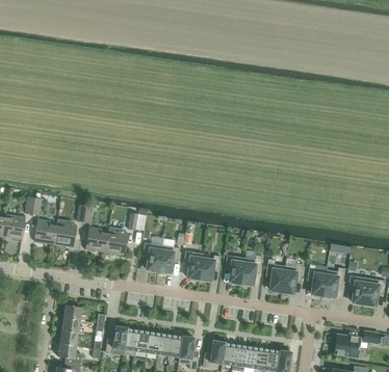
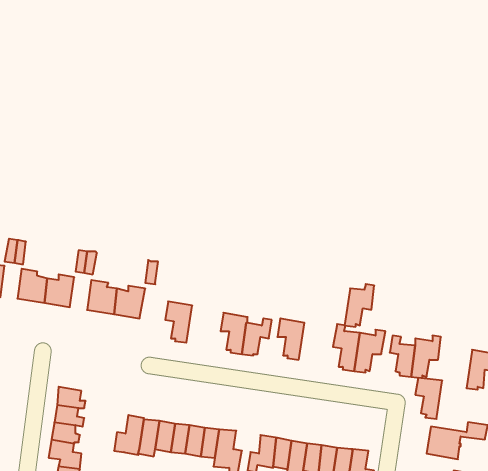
building: [158,245,180,274] -> none
building: [240,255,262,286] -> [344,284,374,327]
building: [347,275,367,305] -> [415,378,442,419]

